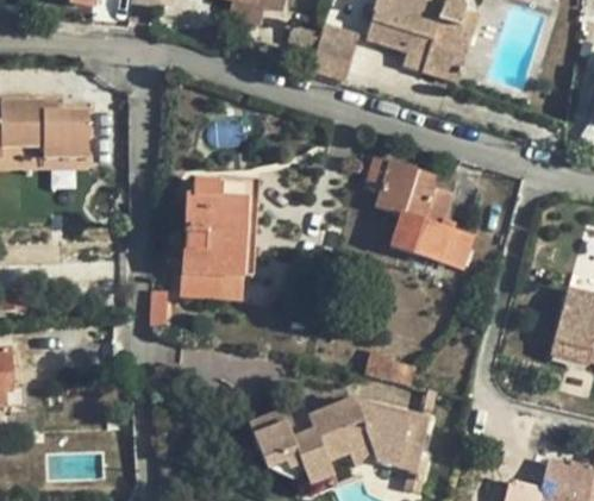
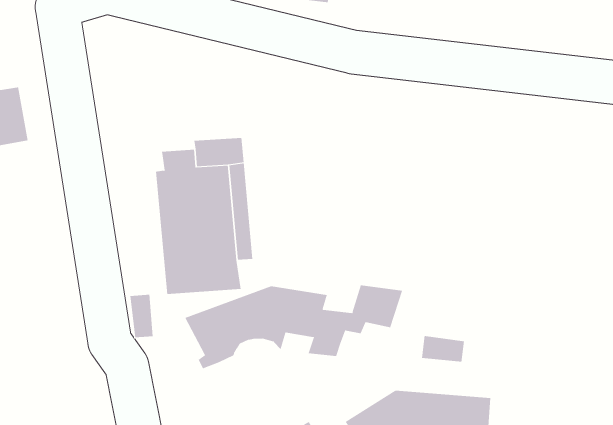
building: [364,156,474,268] -> none
building: none -> [184,284,403,369]

